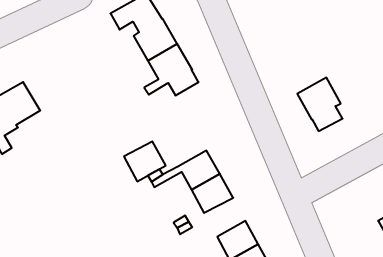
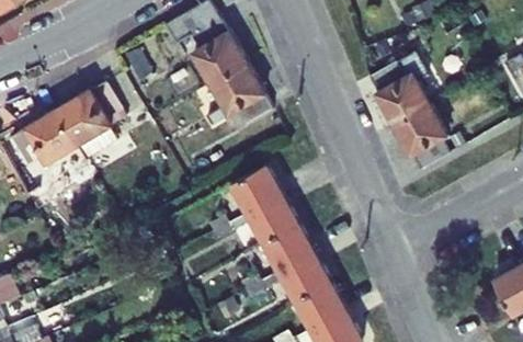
building: none -> [367,52,429,124]
building: none -> [55,82,121,159]
building: [124,141,166,181] -> [229,164,281,214]
building: none -> [277,252,329,300]

